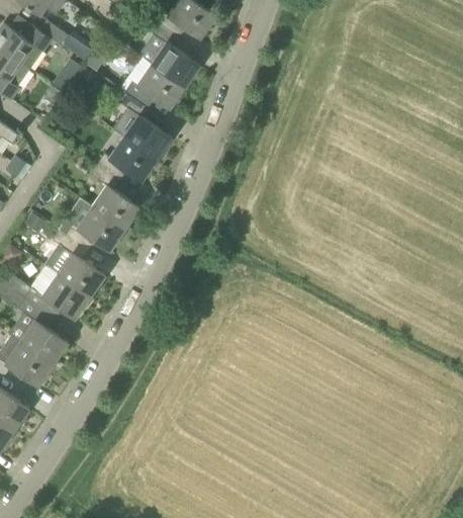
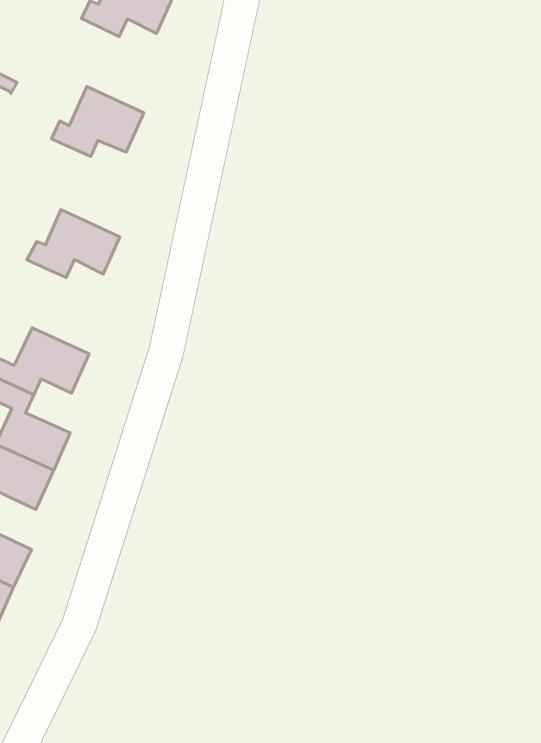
building: [149,21,199,86] -> none
building: [111,92,171,160] -> none
building: [90,164,140,229] -> none

